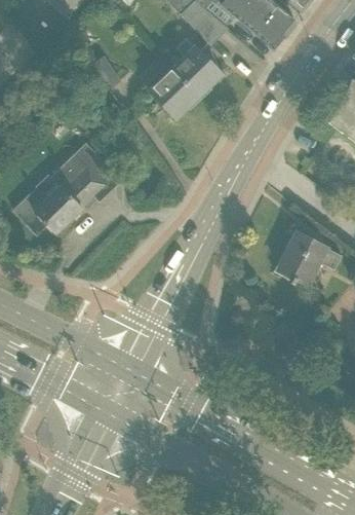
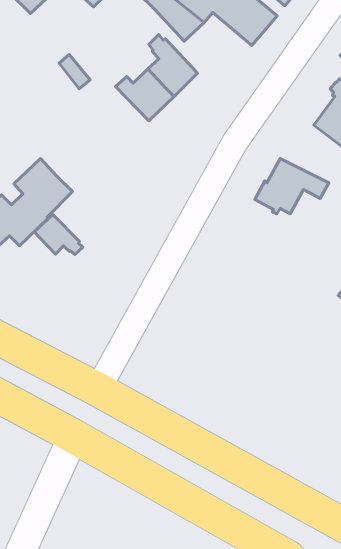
building: none -> [34,214,83,254]
building: [274,231,343,283] -> [255,159,329,214]

